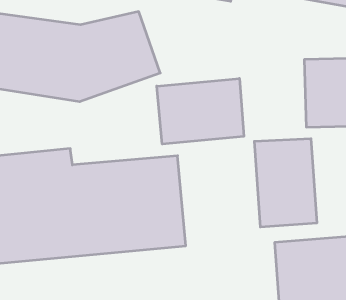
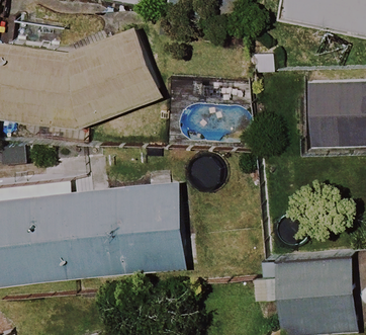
building: [157,78,244,144] -> none
building: [254,139,317,227] -> none

